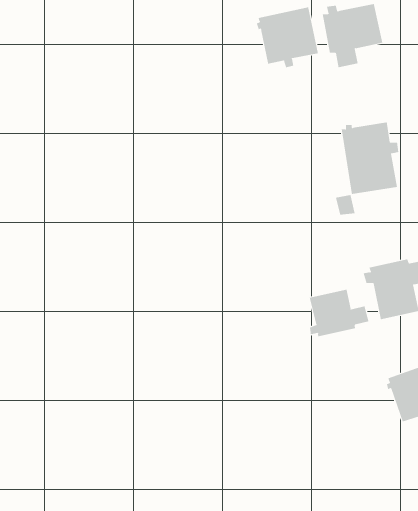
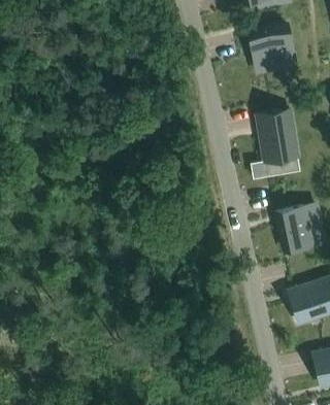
building: [256,7,319,68] -> none
building: [309,289,369,337] -> none

